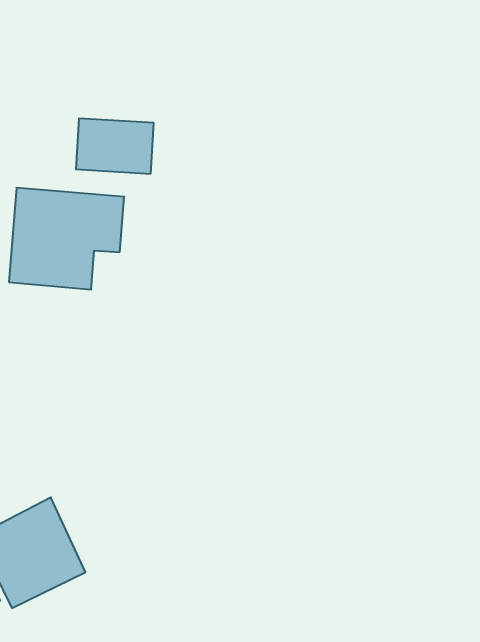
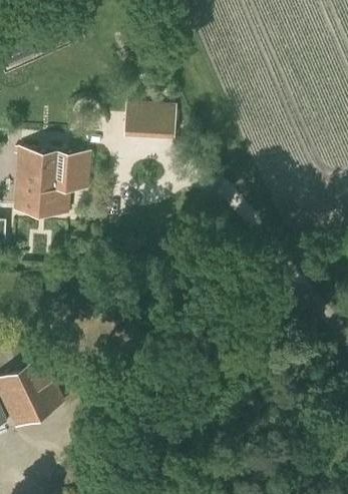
building: [76,118,154,174] -> [124,106,177,143]

